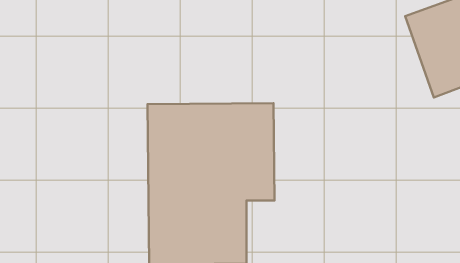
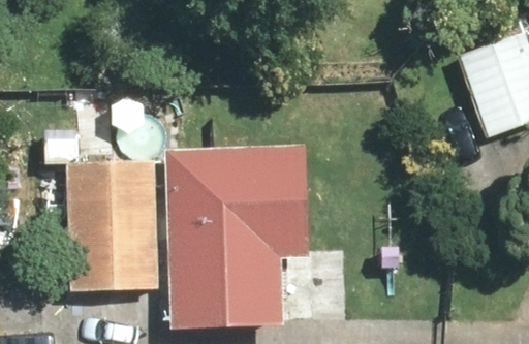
building: none -> [70,157,157,289]

